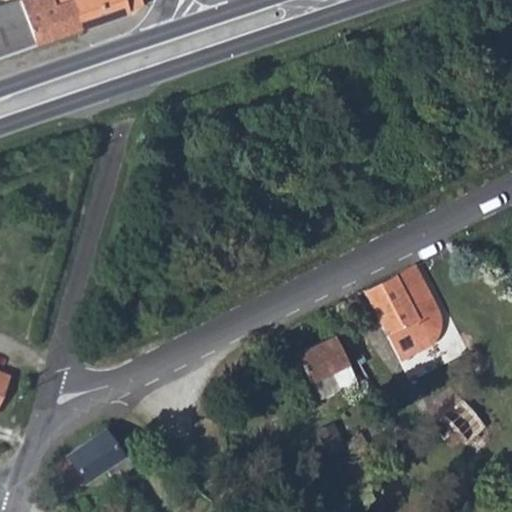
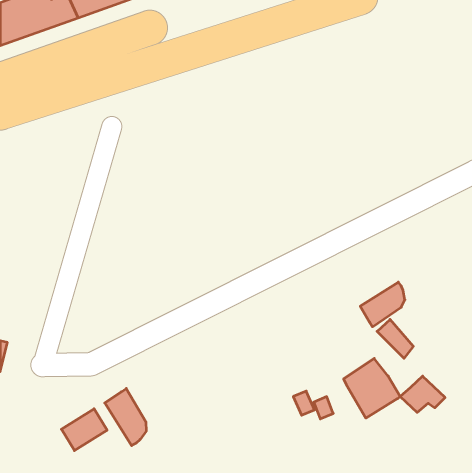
building: [368,268,432,329] -> none
building: [296,329,357,393] -> [344,358,400,418]
building: none -> [105,388,146,446]

